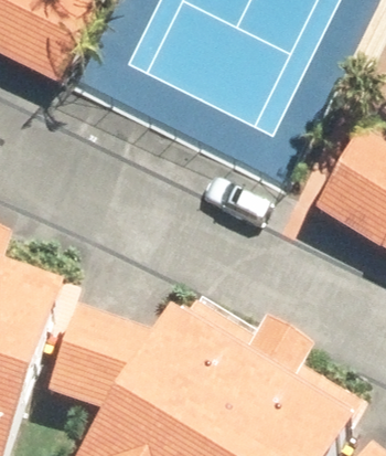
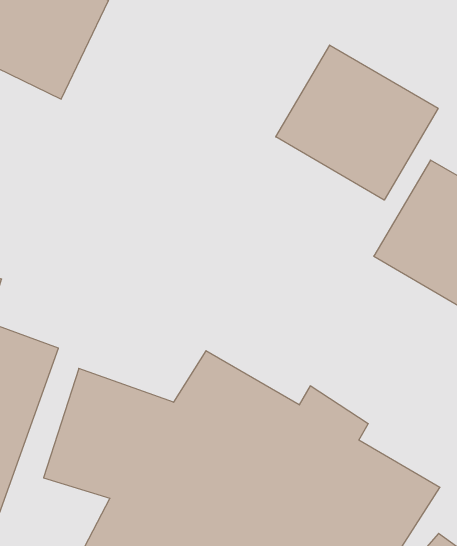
building: none -> [276,45,438,200]

